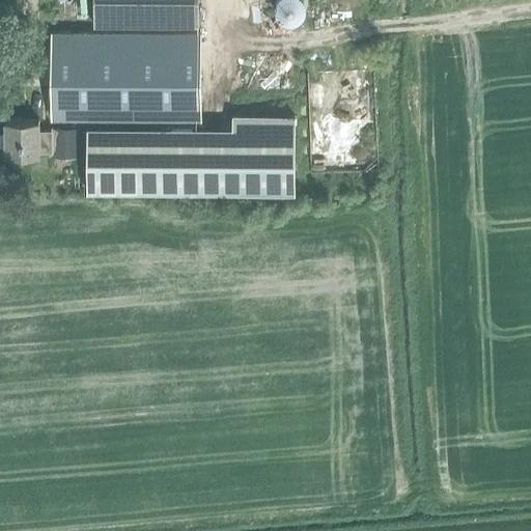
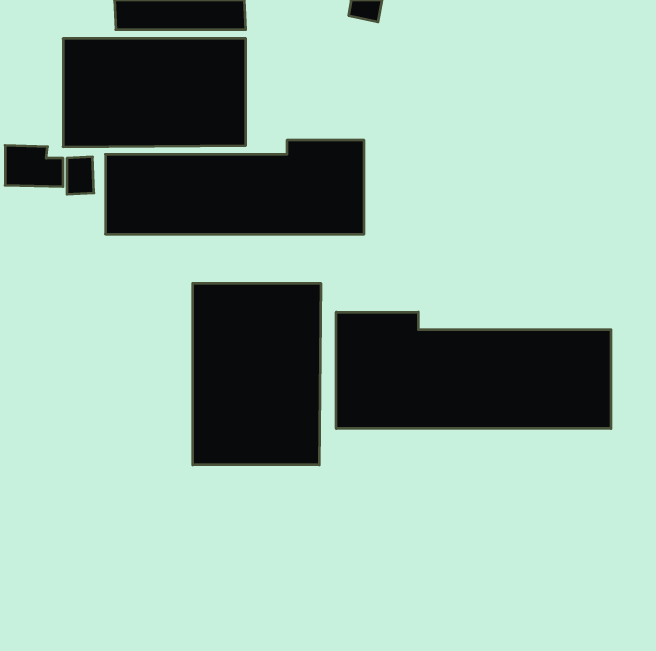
building: none -> [193,283,321,465]
building: none -> [336,312,611,429]

